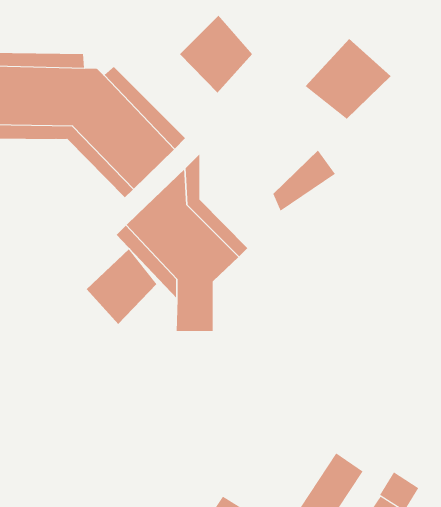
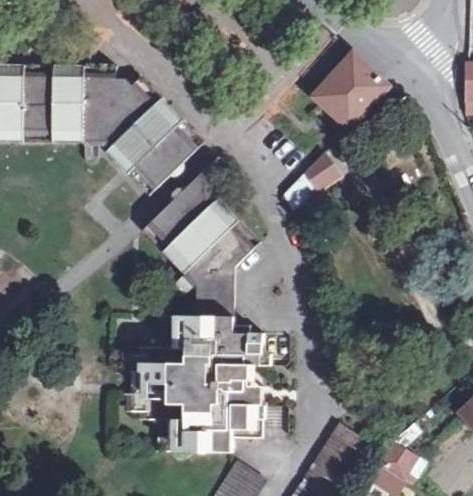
building: [179,15,253,94] -> none
building: [86,248,157,325] -> none
building: none -> [130,316,265,453]

